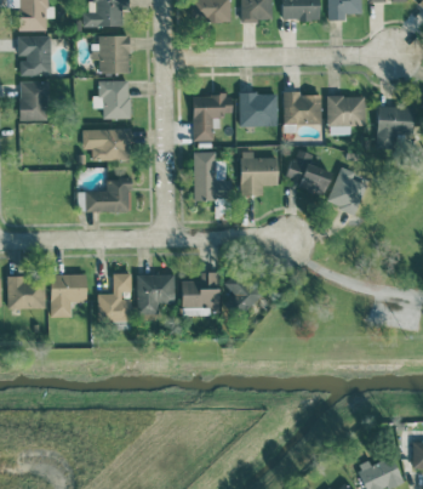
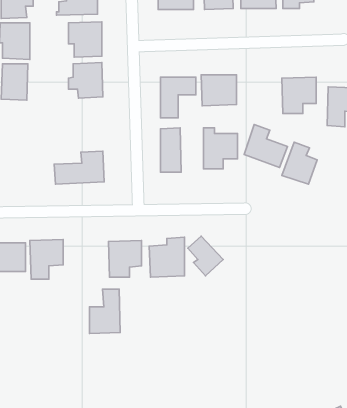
building: [282,92,320,124] -> none
building: [81,129,130,160] -> none
building: [97,274,131,323] -> [89,289,120,333]

